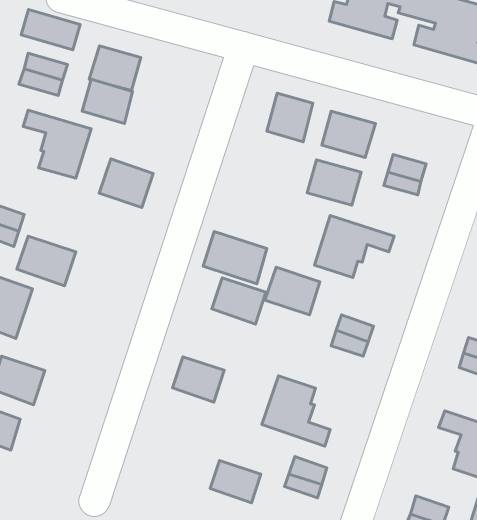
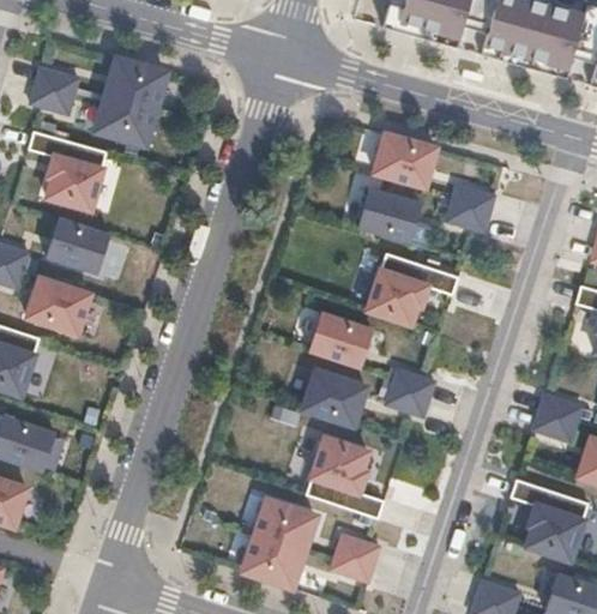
building: [21,10,80,50] -> none
building: [267,93,313,142] -> none
building: [99,159,153,207] -> [46,218,108,275]
building: [203,231,267,284] -> none
building: [212,278,266,324] -> [302,372,364,426]
building: [172,357,224,402] -> [254,500,314,553]

